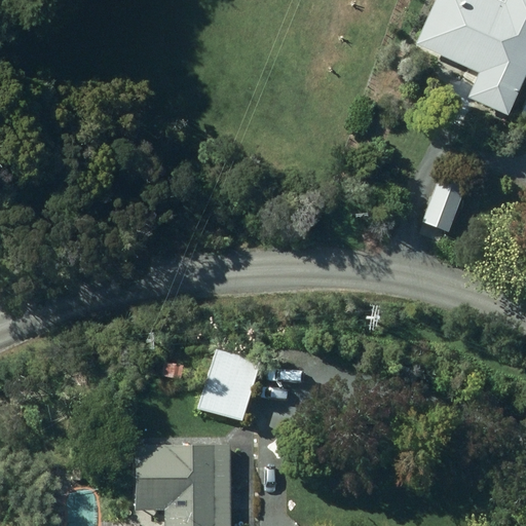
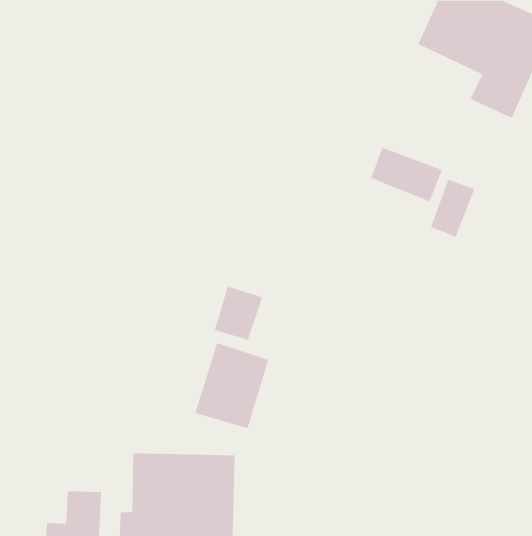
building: none -> [371,147,442,202]
building: none -> [214,286,263,341]

